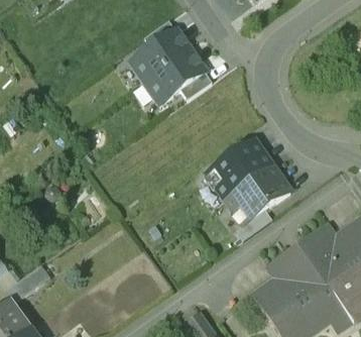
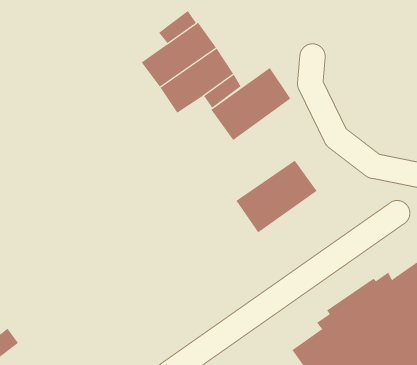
building: [224,165,289,225] -> [210,67,291,141]

